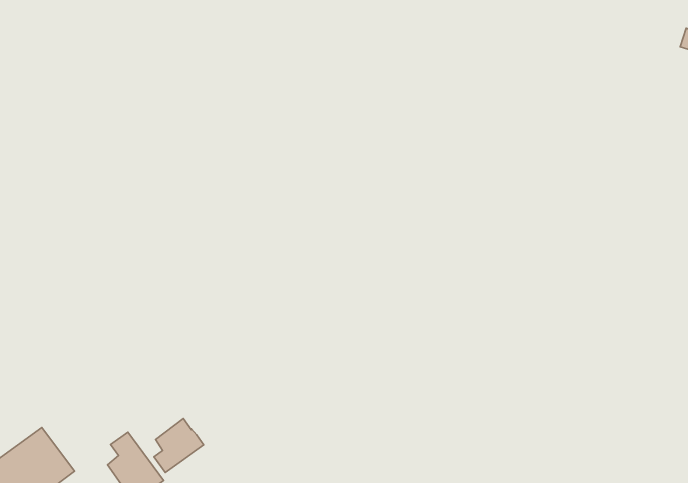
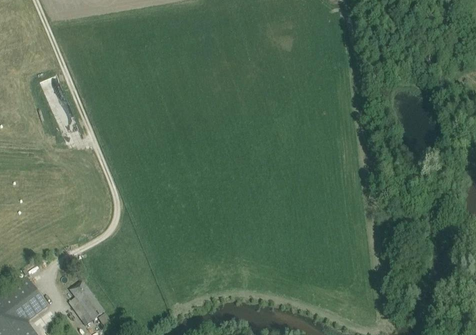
building: [154,418,204,472] -> none

